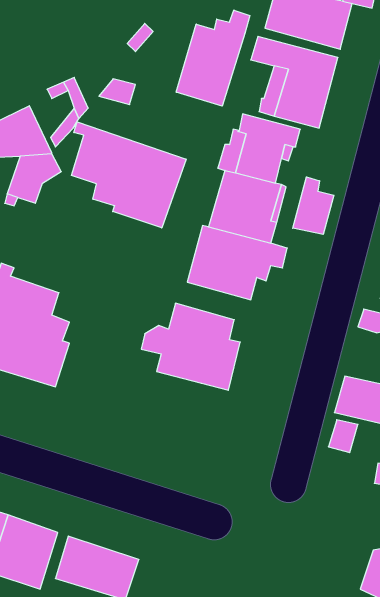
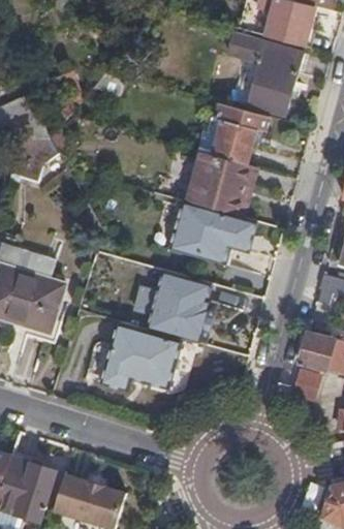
building: [176,10,250,106] -> none
building: [71,122,186,228] -> none
building: [293,177,334,234] -> none
building: none -> [99,321,182,393]

